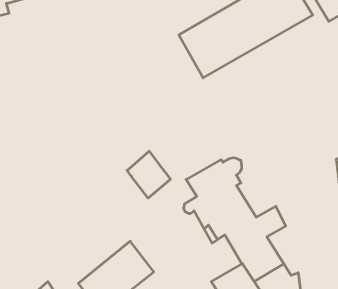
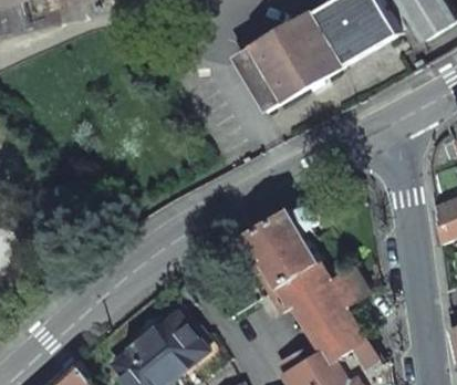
building: [127,151,170,198] -> none

